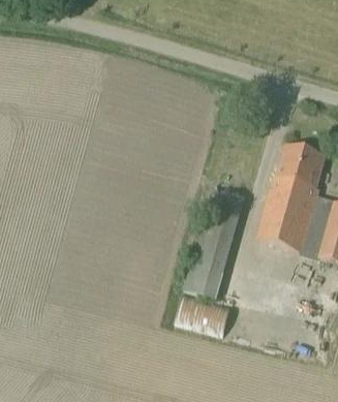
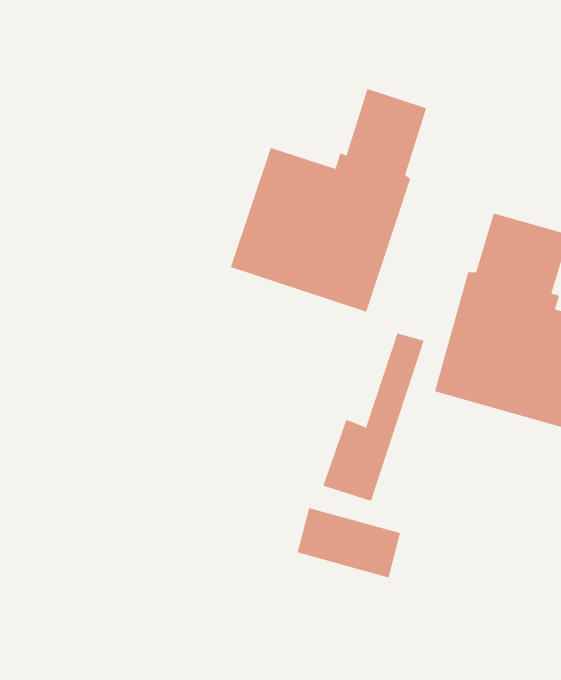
building: none -> [230,88,427,313]

